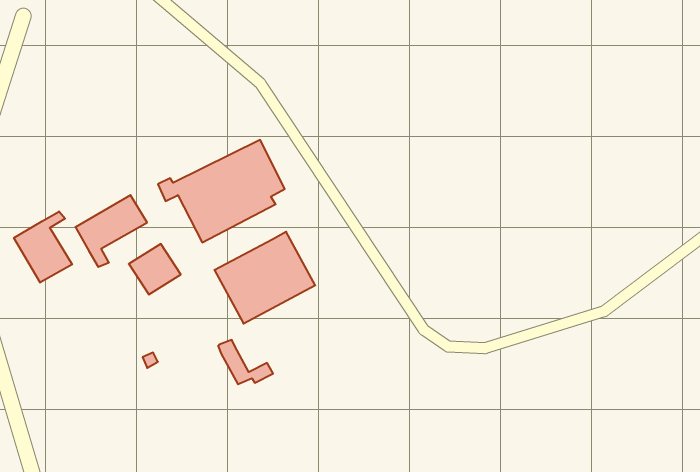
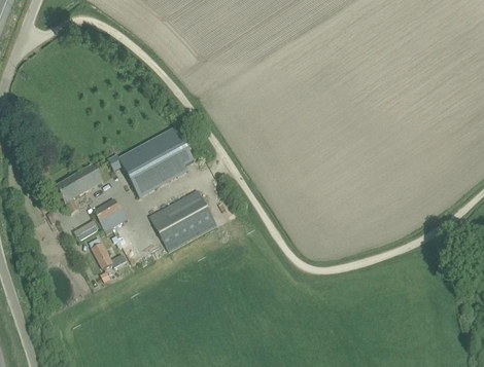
building: [14,211,72,283] -> none
building: [218,340,273,384] -> [89,237,126,267]

